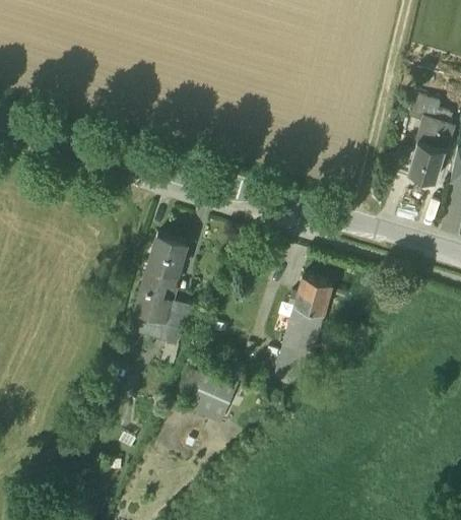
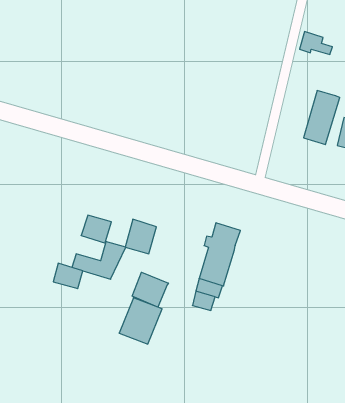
building: [411,94,451,122] -> [300,32,332,54]
building: [149,233,187,274] -> [125,219,156,254]
building: [135,290,171,321] -> [53,263,83,289]
building: none -> [132,272,168,307]

